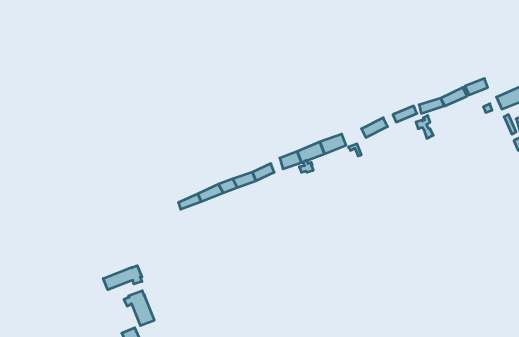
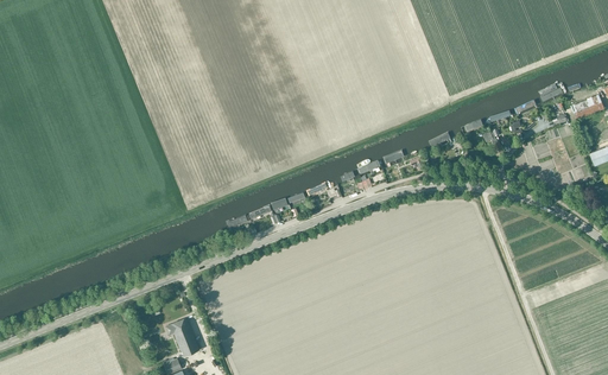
building: [103,266,142,290] -> none

